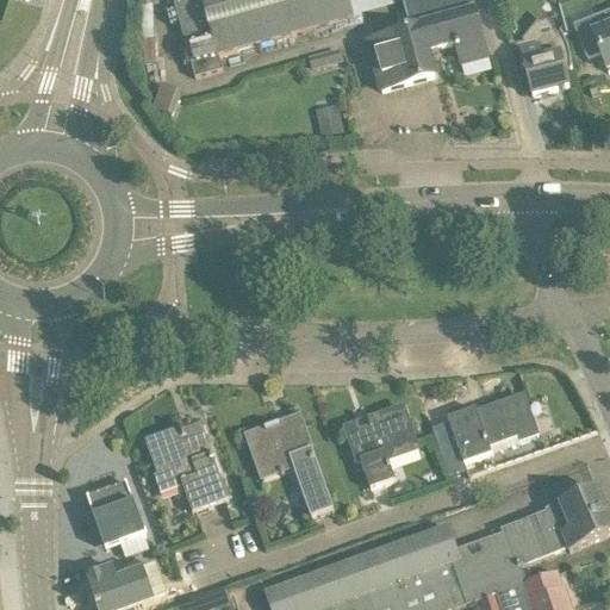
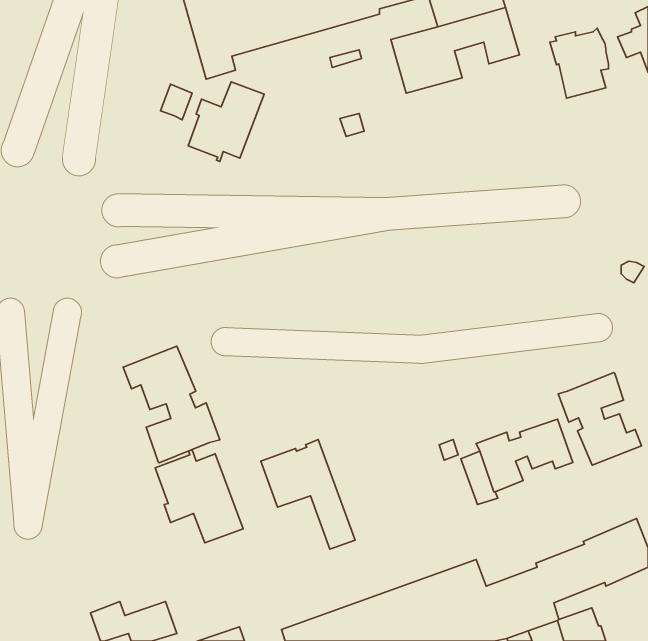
building: none -> [188,82,264,161]
building: none -> [123,346,220,463]
building: none -> [558,372,642,465]
building: [343,403,418,485] -> none
building: [85,478,148,554] -> none

